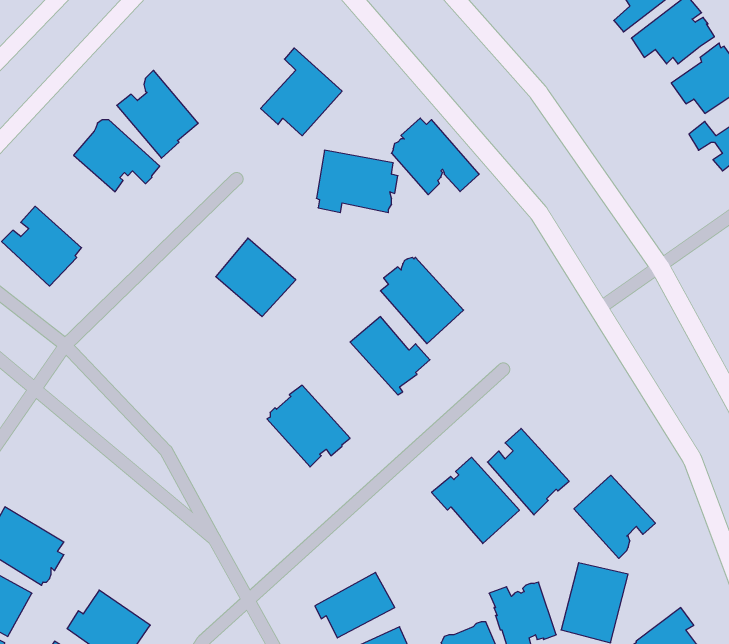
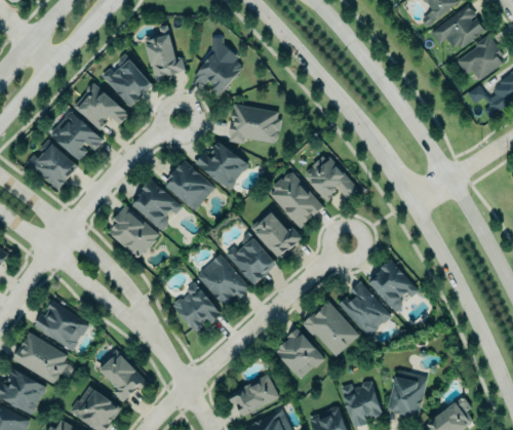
building: none -> [144,25,185,81]
building: [391,118,479,195] -> [304,154,360,203]
building: none -> [51,113,103,160]
building: none -> [195,143,248,190]
building: none -> [129,179,183,232]
building: none -> [111,207,159,258]
building: none -> [224,231,279,286]
building: none -> [172,282,222,333]
building: none -> [34,299,89,351]
building: [574,475,655,558] -> [366,260,419,313]
building: none -> [276,326,325,379]
building: none -> [97,350,148,404]

